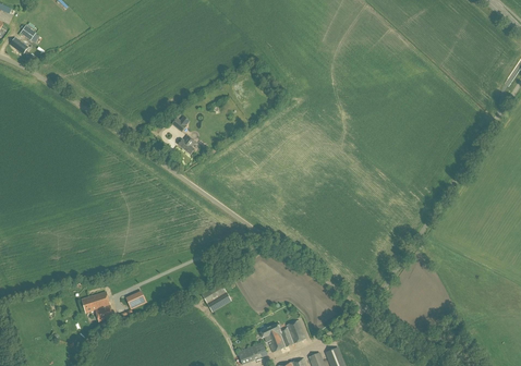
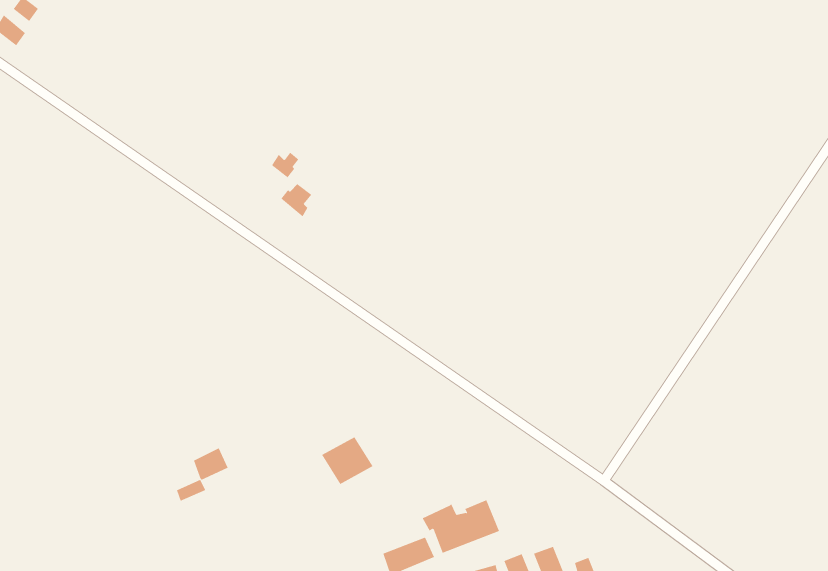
building: [82,292,113,321] -> none

